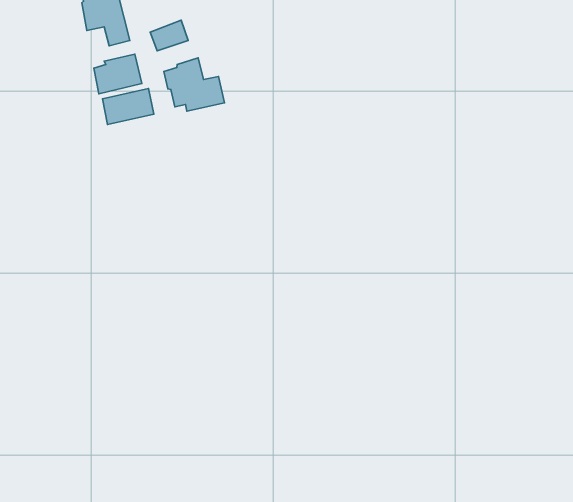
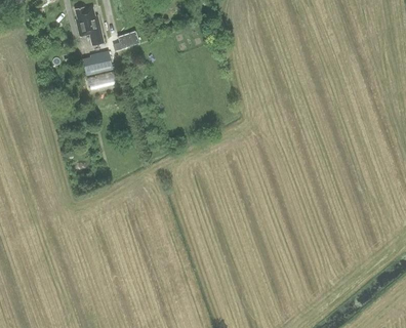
building: [164,58,224,111] -> none

